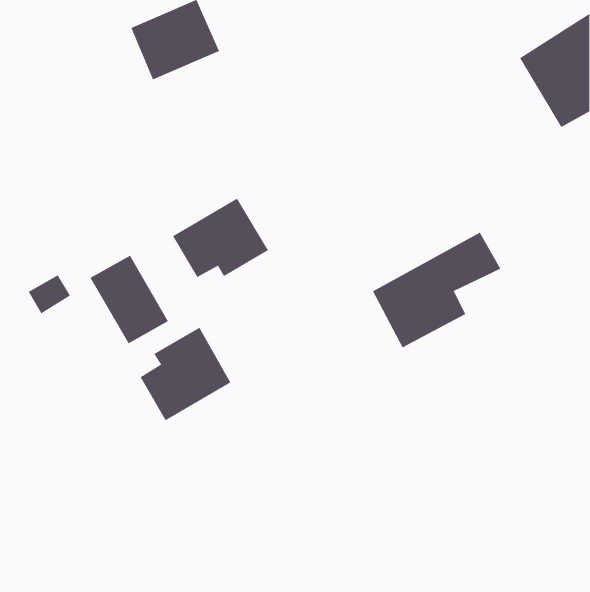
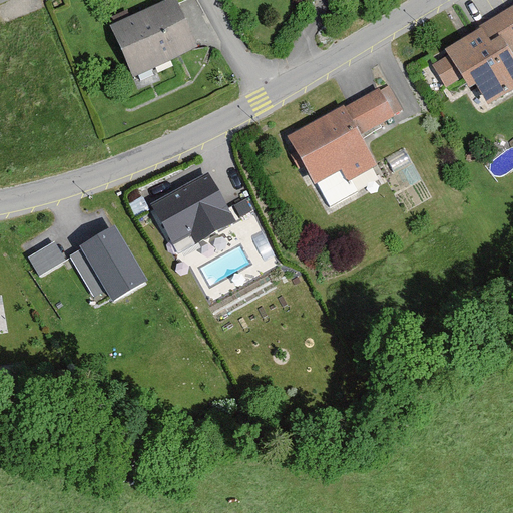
building: [372,232,501,348] -> [289,87,400,187]
building: [140,327,231,421] -> none

